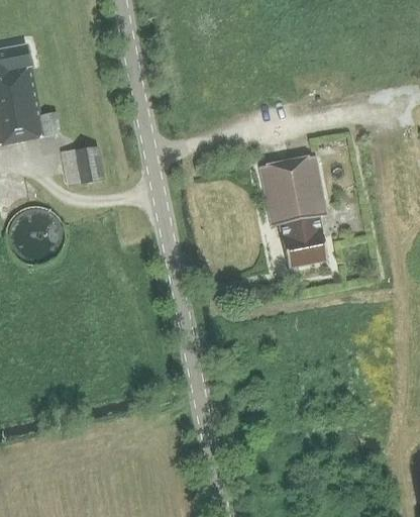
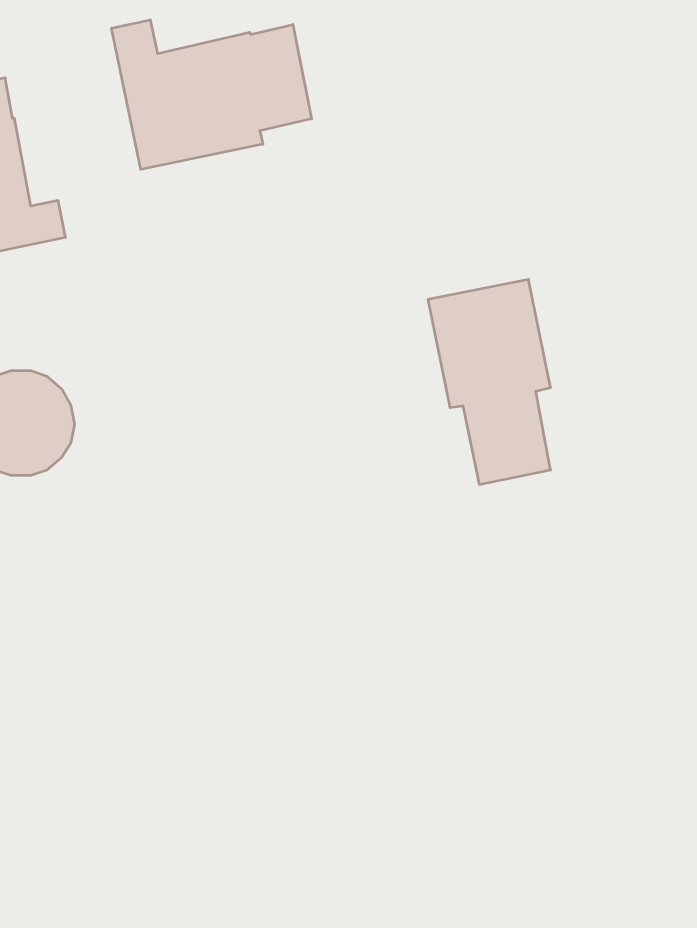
building: none -> [112,20,312,169]
building: [61,143,104,185] -> none

